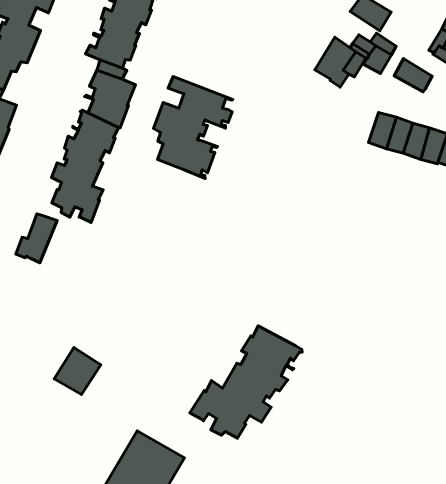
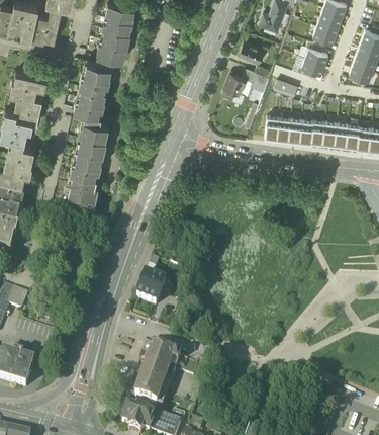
building: [153,76,233,178] -> none
building: [16,214,57,263] -> none
building: [190,326,302,438] -> none
building: [54,347,101,395] -> [137,275,166,304]

